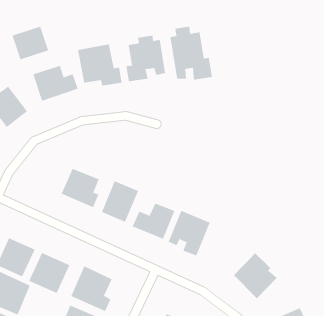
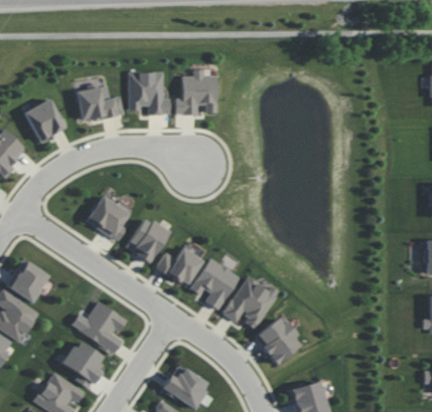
building: [12,26,49,60] -> none
building: [170,26,213,80] -> none
building: none -> [223,276,279,329]
building: [28,252,70,294] -> none

